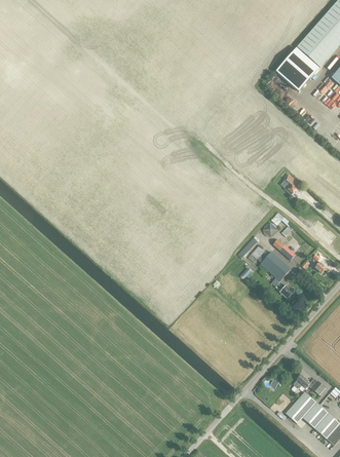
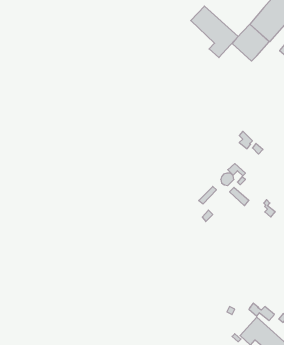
building: none -> [191,6,238,58]
building: [252,244,294,298] -> none

